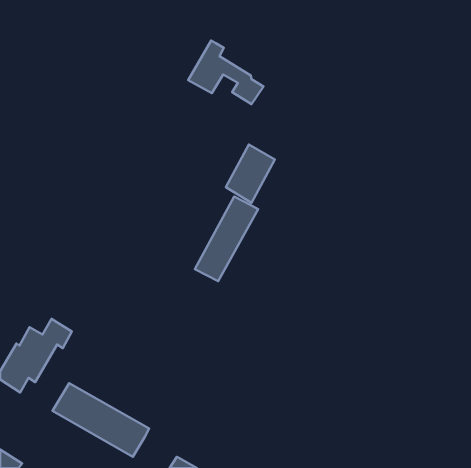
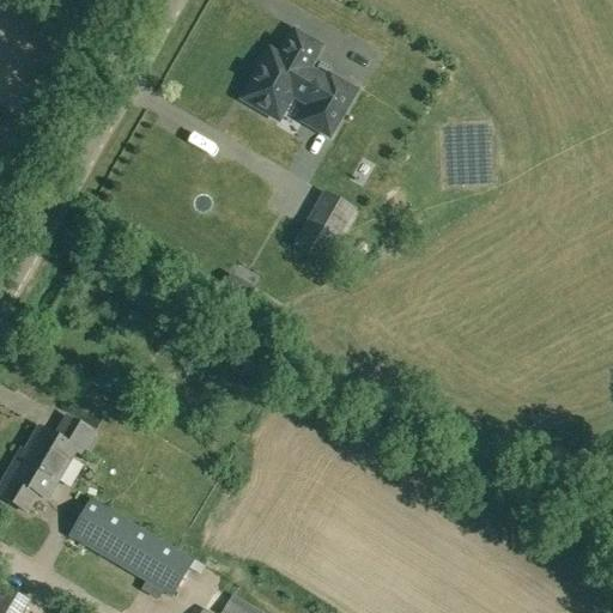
building: none -> [280,31,353,113]
building: [195,196,258,281] -> none

